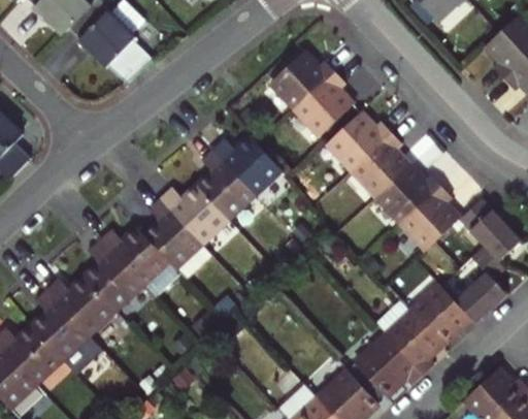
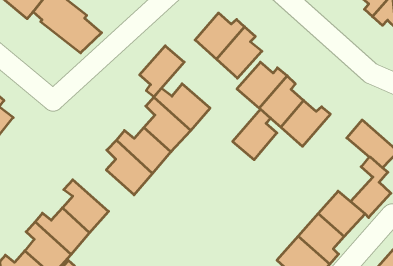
building: none -> [140,46,184,97]
building: [395,192,452,255] -> [233,109,277,160]
building: [102,228,177,293] -> none

